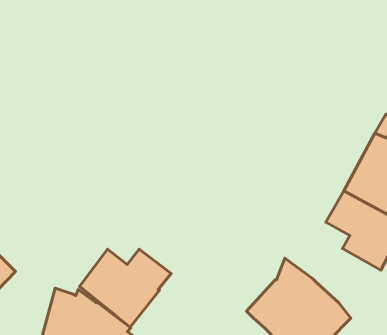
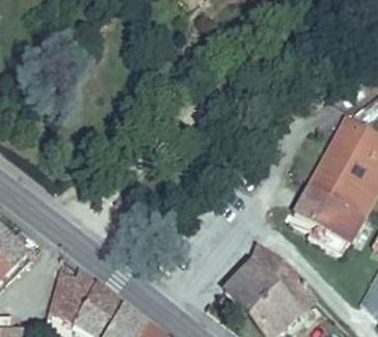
building: [79,249,171,327] -> none

